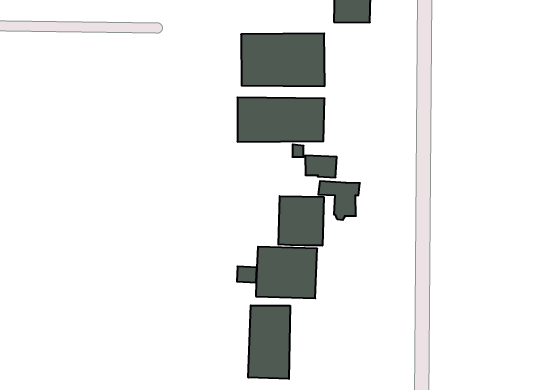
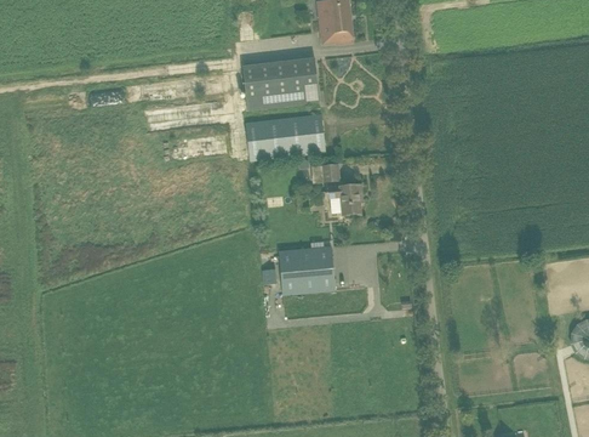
building: [278,196,324,246] -> none
building: [248,305,290,379] -> none

